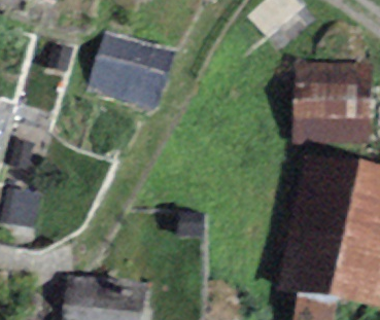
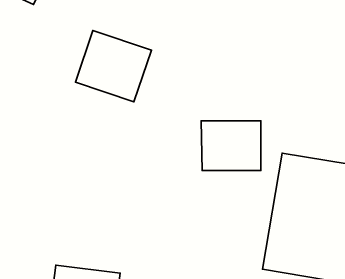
building: [304,67,367,119] -> [201,121,261,170]

